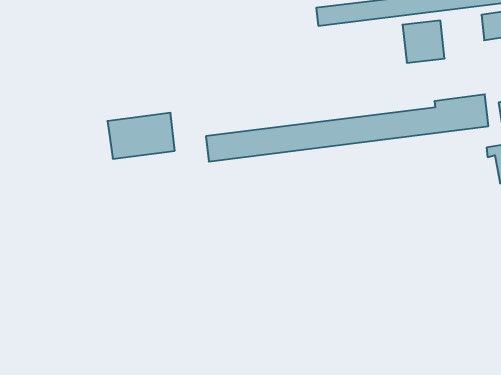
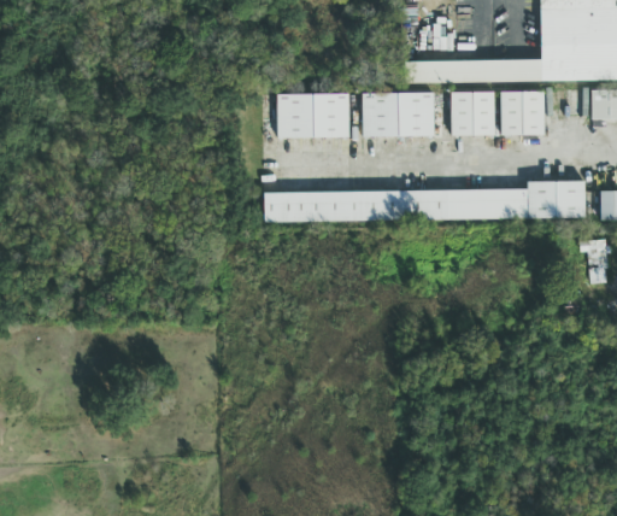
building: none -> [452,92,495,136]
building: none -> [363,92,435,137]
building: [107,113,175,159] -> [277,94,349,139]

